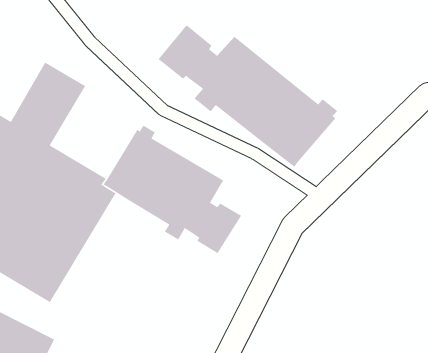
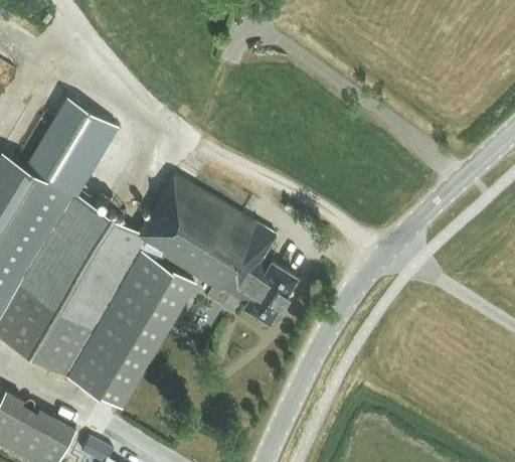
building: [158,24,338,168] -> none
building: none -> [72,253,194,411]

